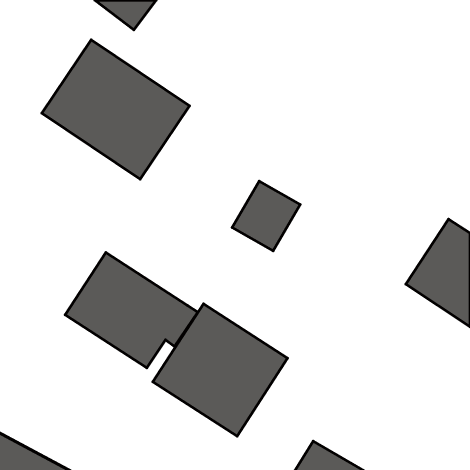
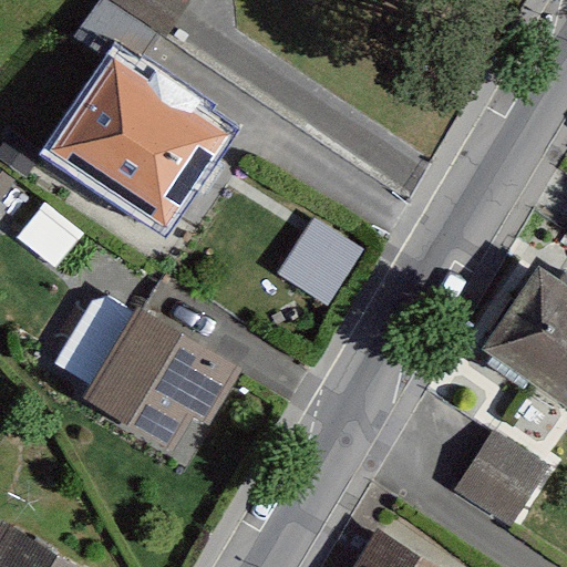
building: [153,304,288,436] -> none
building: none -> [454,436,548,528]

